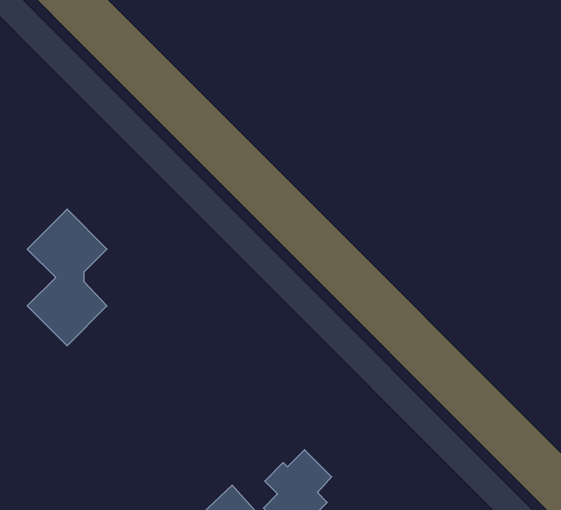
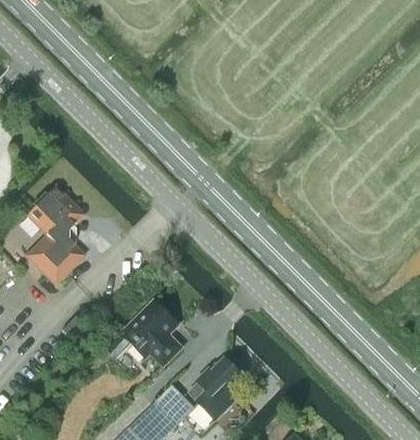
building: none -> [121,299,182,366]

